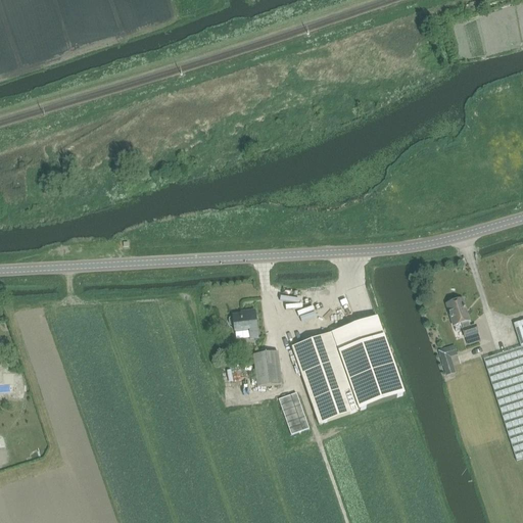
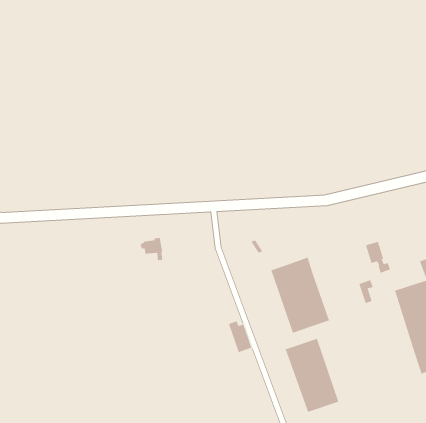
building: [230,307,258,336] -> [140,237,163,261]
building: [292,331,359,422] -> [285,338,339,413]
building: [254,348,283,384] -> none

